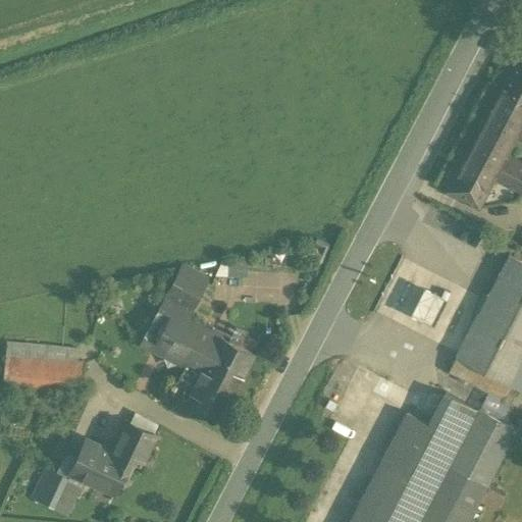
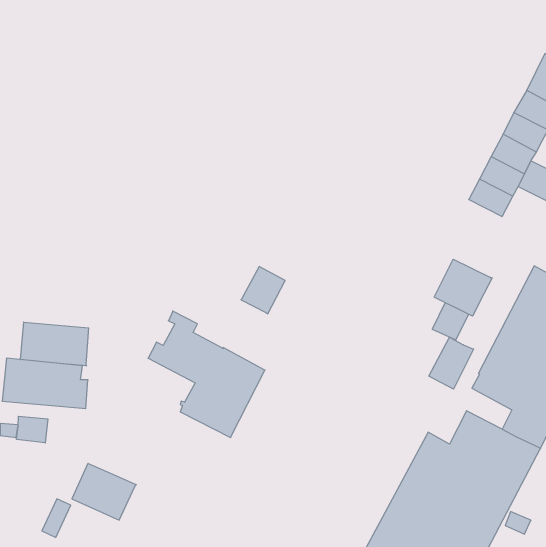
building: none -> [434,259,492,316]
building: [166,265,208,310] -> [241,267,285,314]
building: none -> [20,322,89,366]
building: none -> [429,337,474,389]
building: none -> [17,416,48,443]
building: [113,423,156,468] -> none

